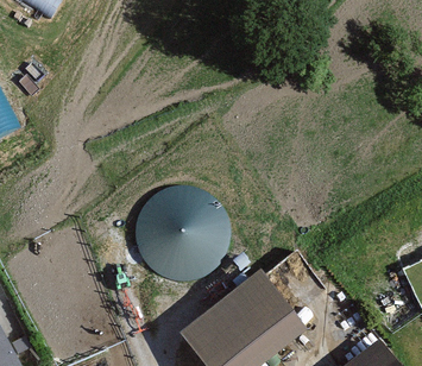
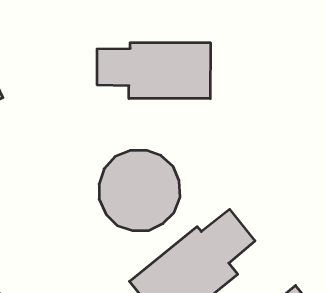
building: none -> [97,43,210,99]

